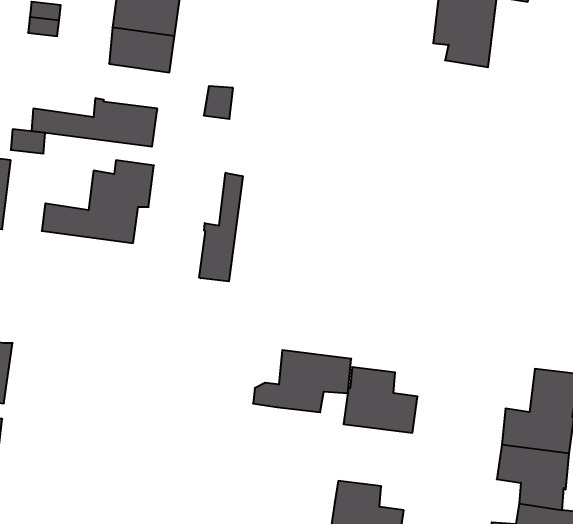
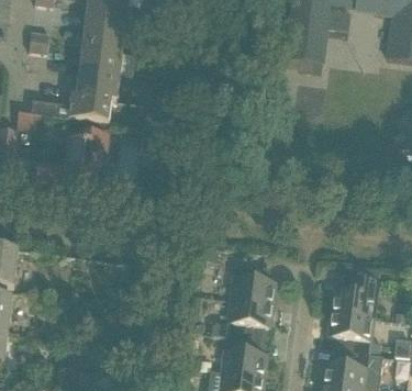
building: none -> [77,68,119,98]
building: [199,173,243,281] -> none
building: [253,350,351,412] -> [211,298,274,337]

